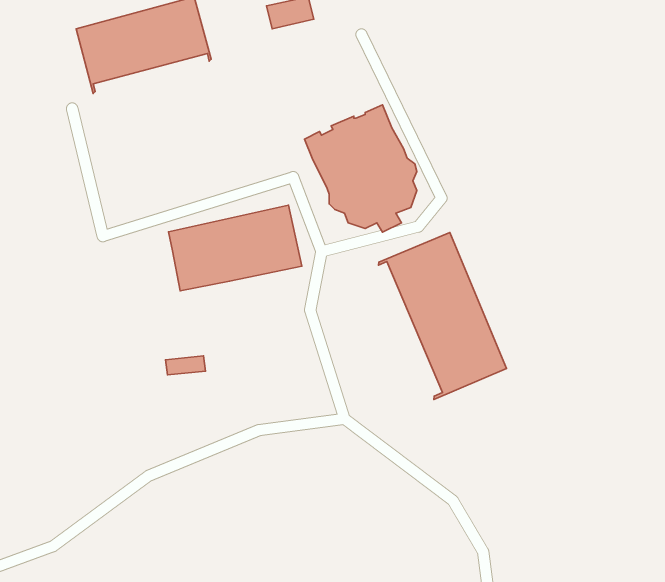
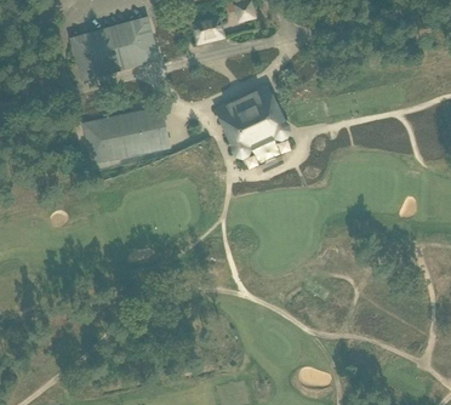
building: [169,205,302,291] -> [84,107,169,161]
building: [378,232,507,400] -> none

